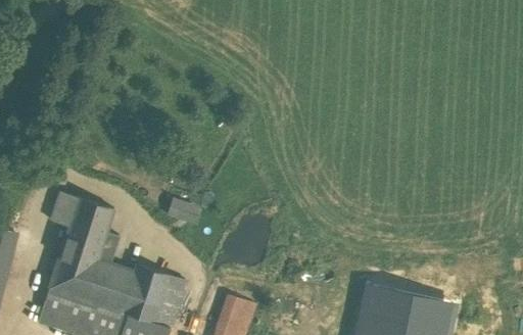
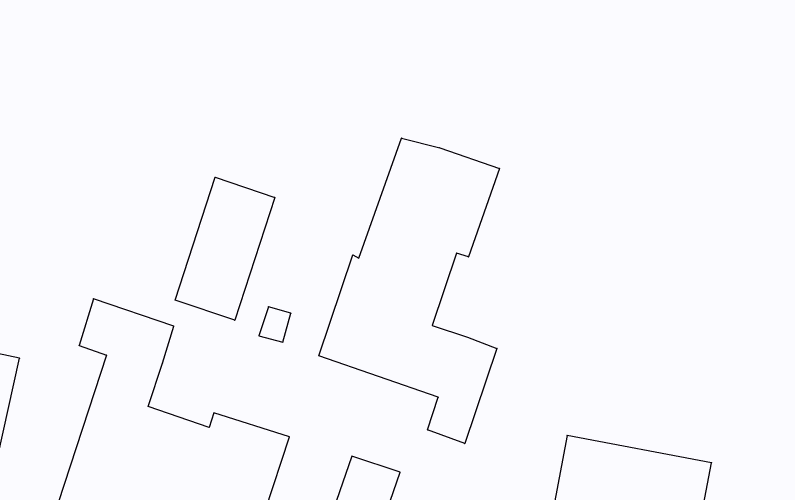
building: none -> [319,138,499,444]
building: none -> [175,177,275,320]

